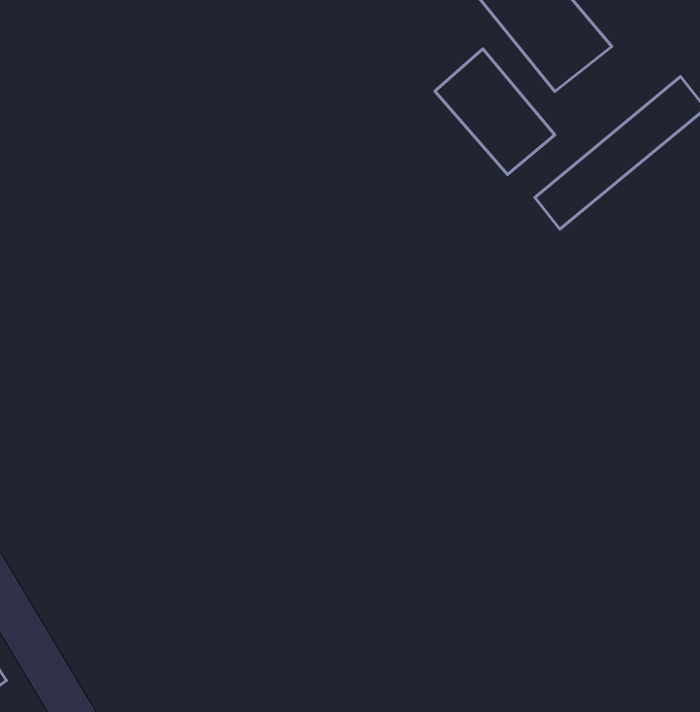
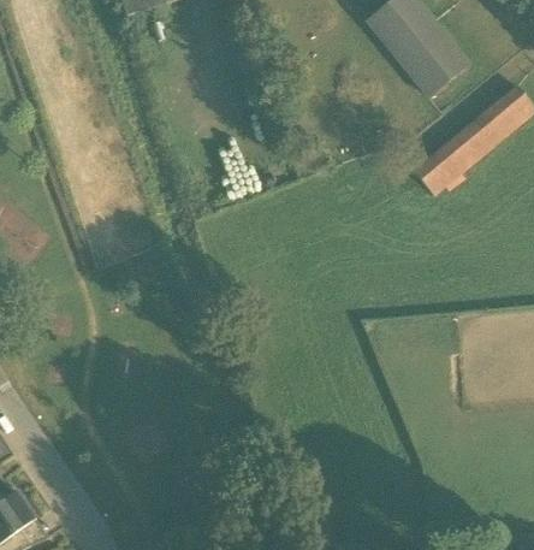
building: [435,49,555,174] -> none

